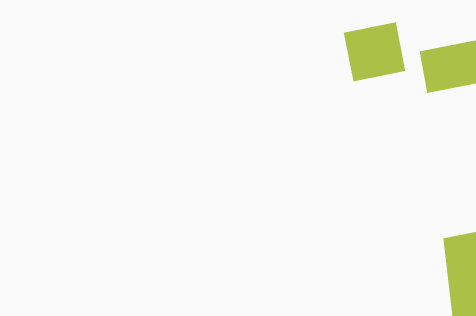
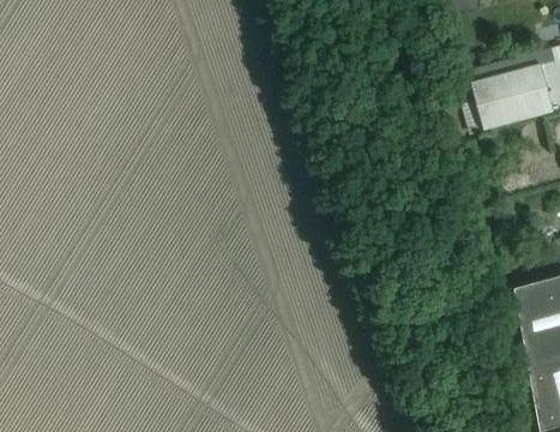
building: [343,22,406,82] -> none

